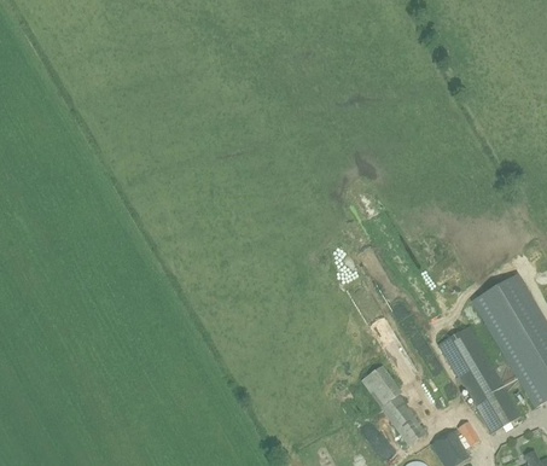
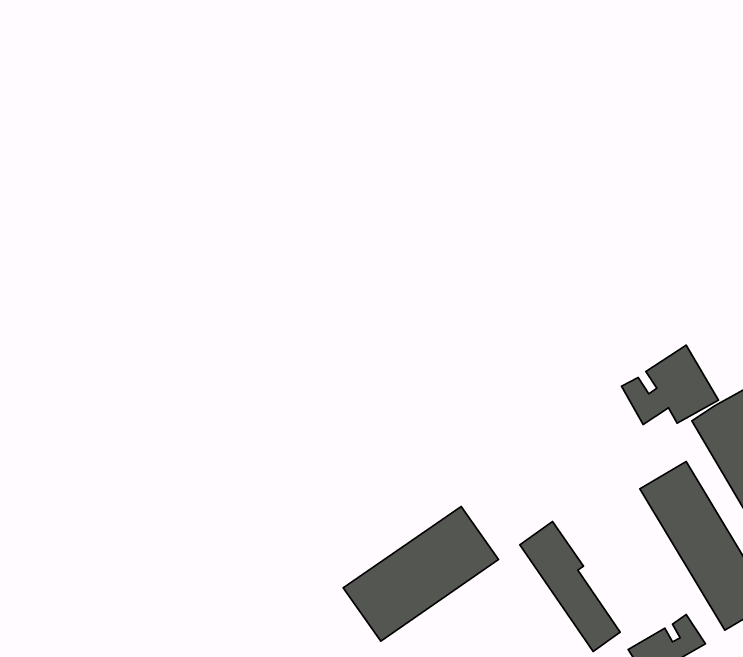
building: none -> [621,345,719,424]
building: none -> [343,506,499,641]

